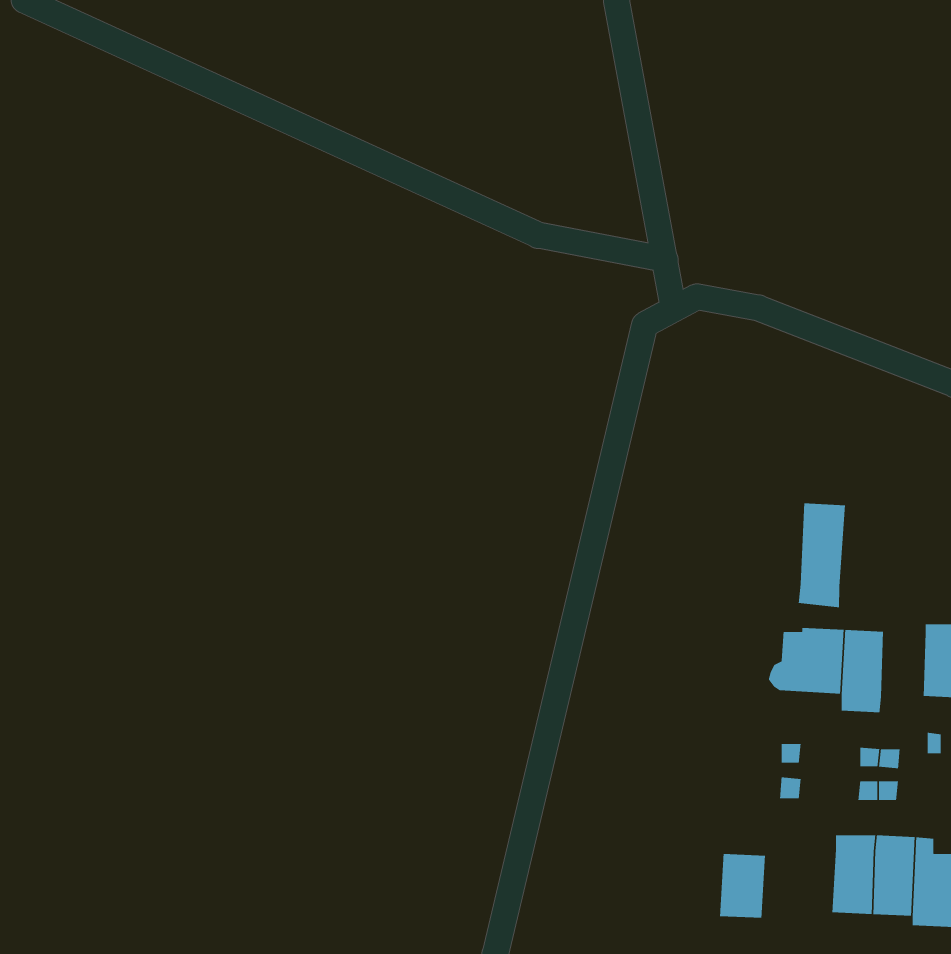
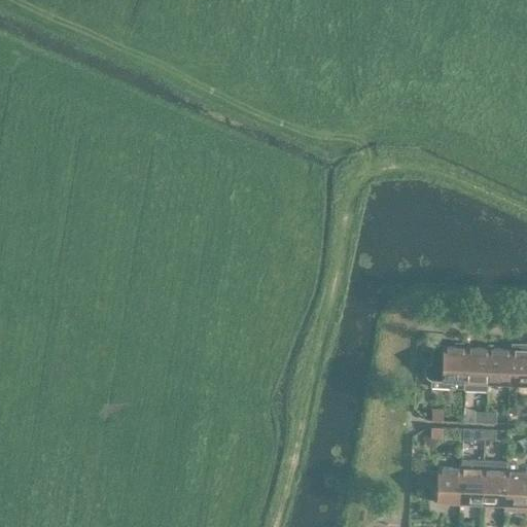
building: [798,502,846,608] -> none
building: none -> [488,348,512,384]
building: [719,853,766,919] -> [436,467,462,503]

